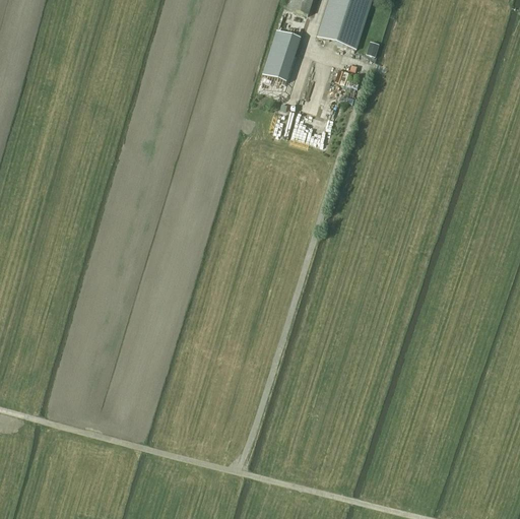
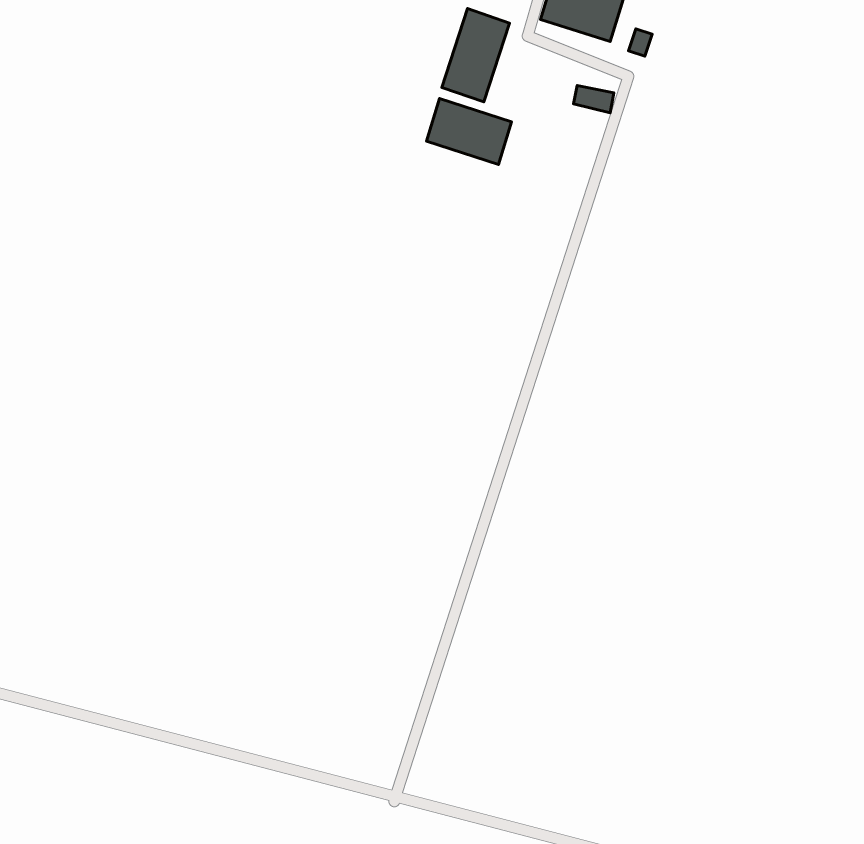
building: none -> [426,98,511,165]

